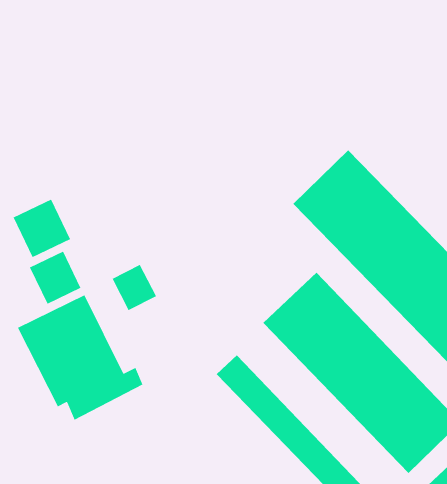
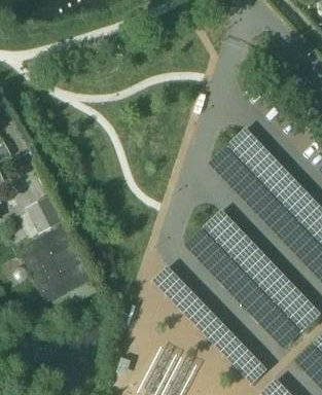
building: [13,198,71,258] -> none
building: [111,264,157,311] -> none

